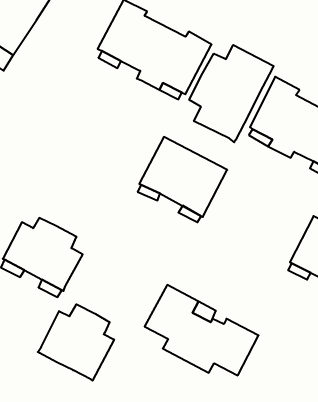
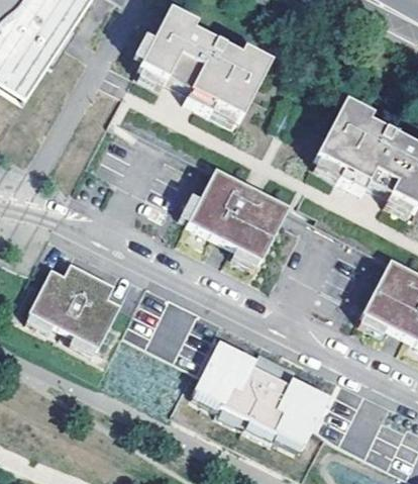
building: [189,45,274,142] -> none
building: [38,304,114,381] -> none

